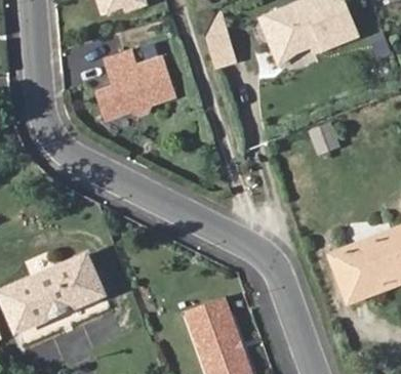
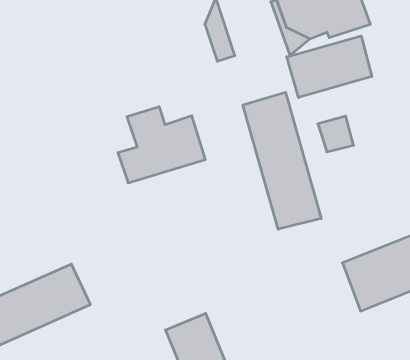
building: none -> [287,36,372,98]
building: [98,50,178,120] -> [118,107,205,183]
building: none -> [243,92,321,229]

